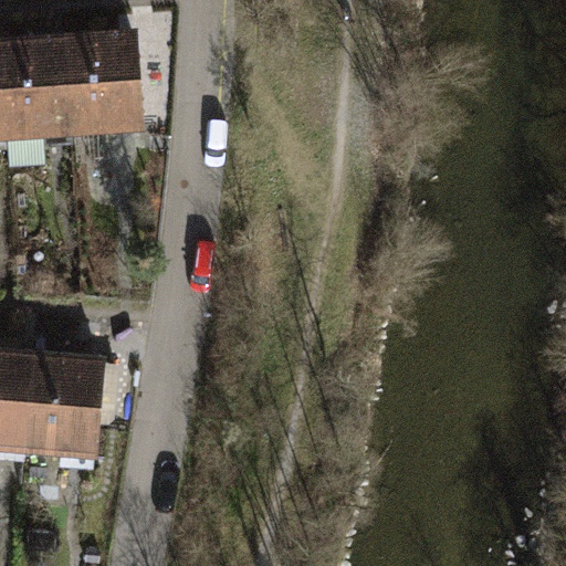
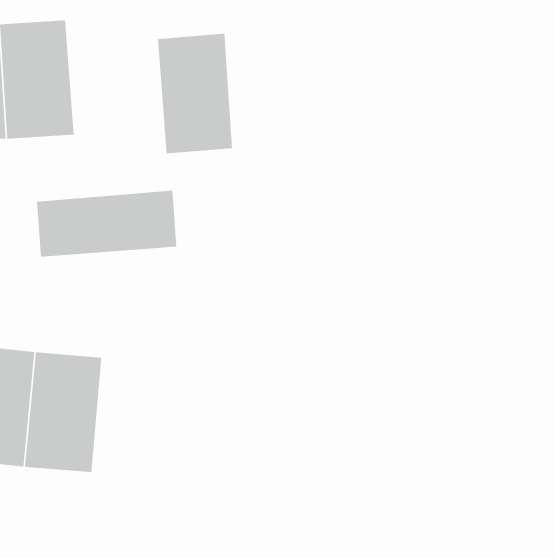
building: [66,14,143,136] -> [157,33,233,154]
building: none -> [37,190,177,258]

